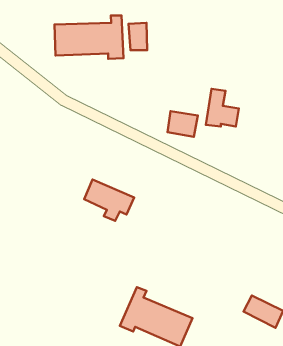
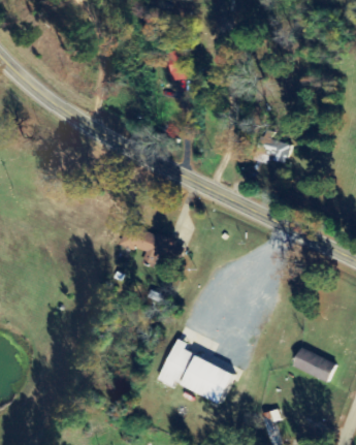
building: [54,16,123,59] -> none
building: [168,111,198,137] -> none

